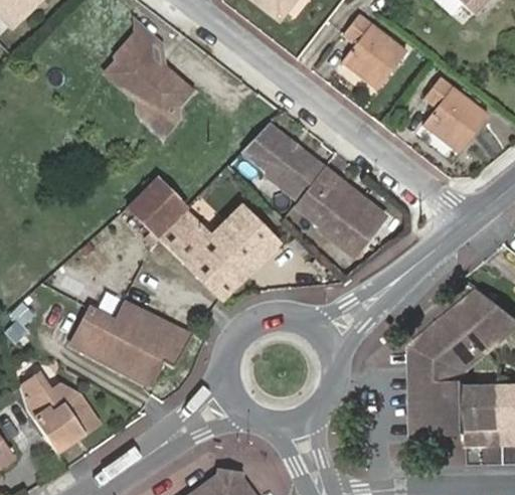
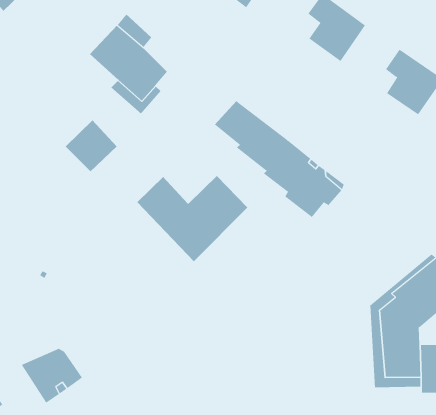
building: [129,177,186,234] -> [65,120,117,172]
building: [70,301,192,385] -> none
building: [21,376,72,411] -> none

